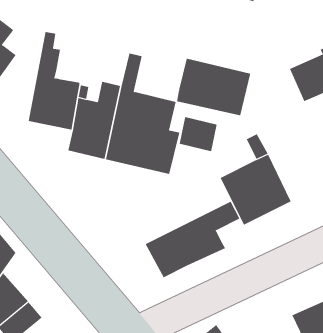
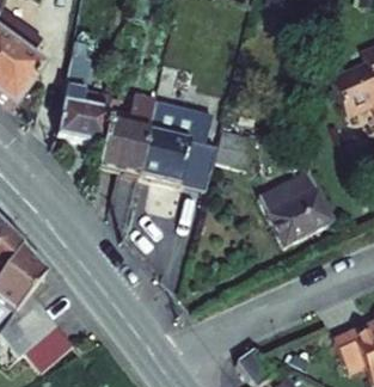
building: [177,58,251,116] -> none
building: [145,201,240,278] -> none

